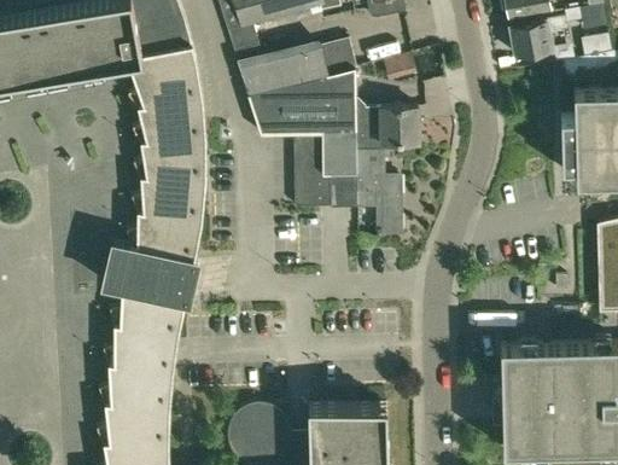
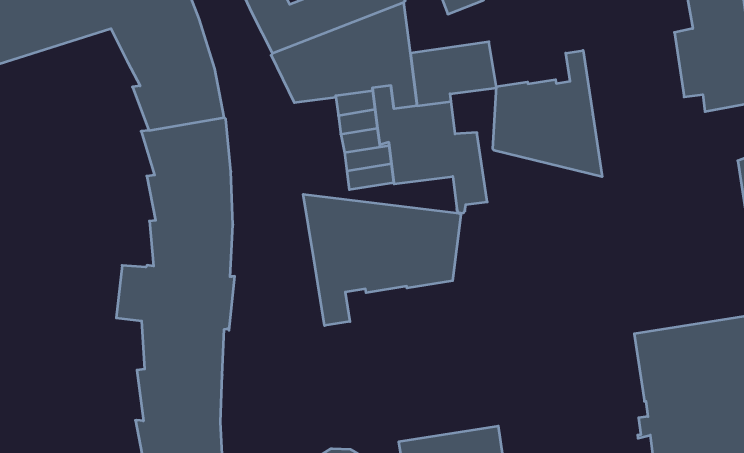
building: none -> [493,50,602,177]
building: none -> [303,194,461,326]

